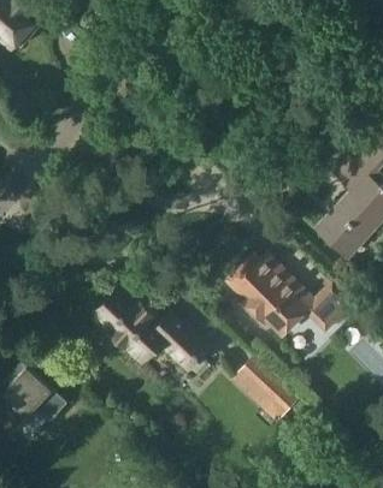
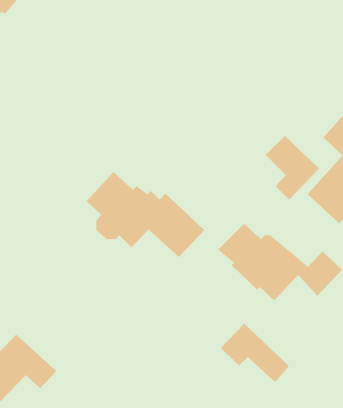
building: none -> [265,135,320,200]
building: [94,287,213,374] -> [86,171,205,258]

